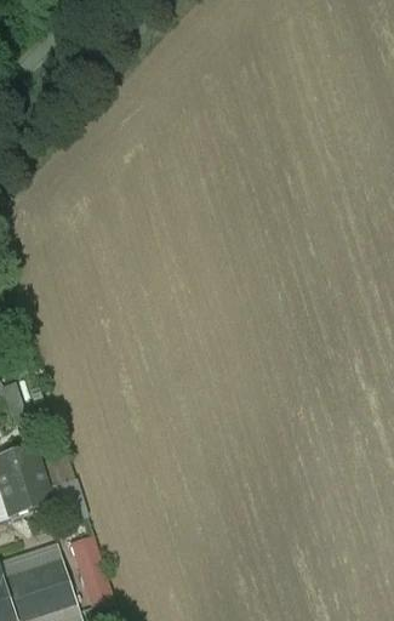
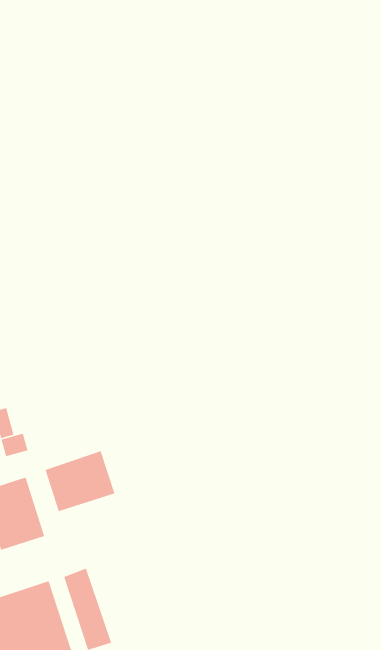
building: none -> [45,450,115,512]

